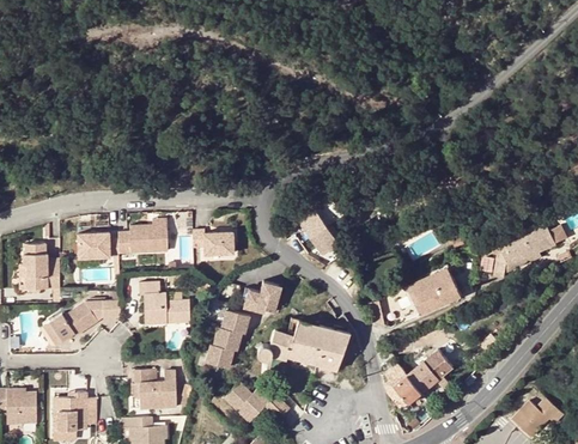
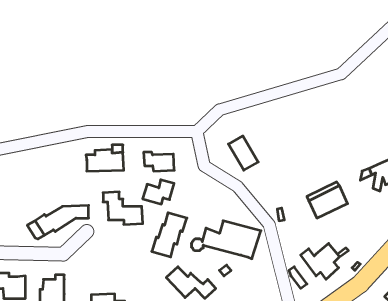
building: [77,233,117,259] -> none
building: [25,244,59,290] -> none
building: [239,281,281,314] -> [143,180,174,204]
building: [384,364,421,403] -> none
building: [136,369,178,409] -> none

